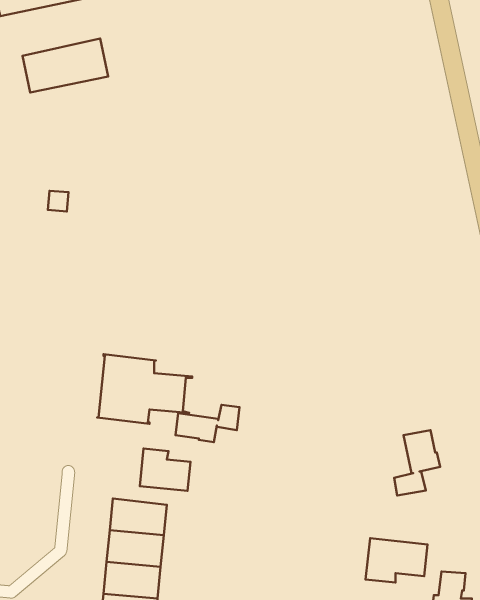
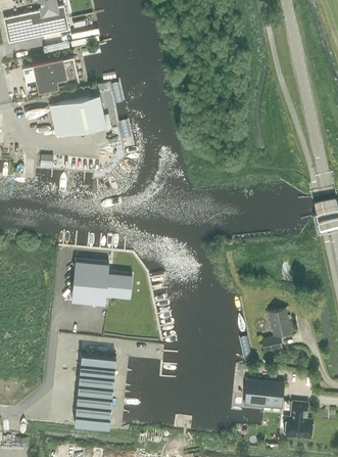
building: none -> [50,96,106,137]
building: [176,405,239,442] -> none
building: [140,448,191,491] -> none

